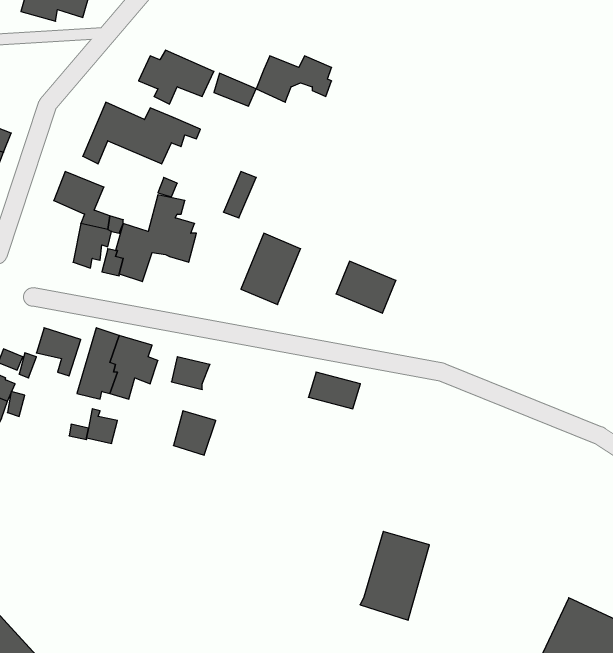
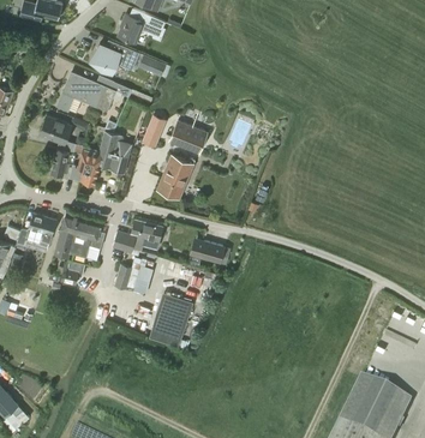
building: [256,56,332,102] -> [118,14,164,43]
building: [336,261,396,313] -> [169,120,206,152]
building: none -> [131,218,163,250]
building: [360,531,429,620] -> [149,290,192,346]

